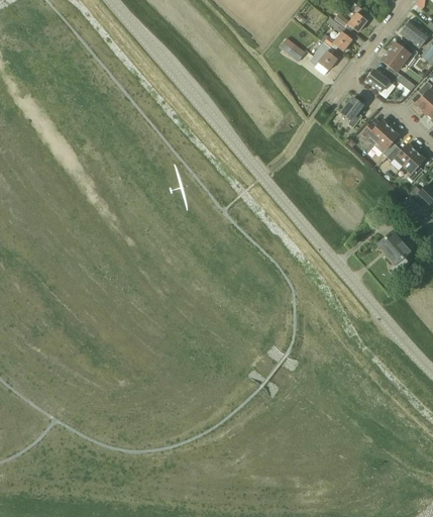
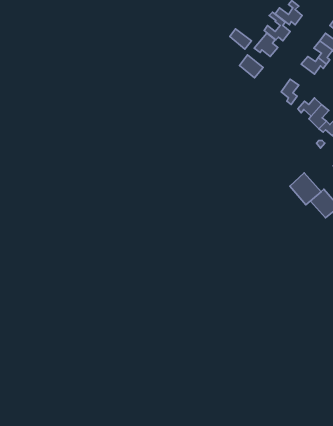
building: none -> [239,55,263,78]
building: none -> [290,173,321,205]

